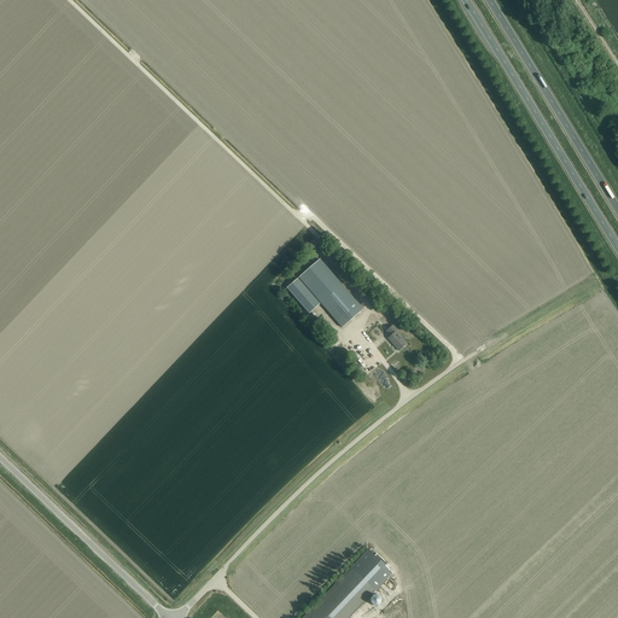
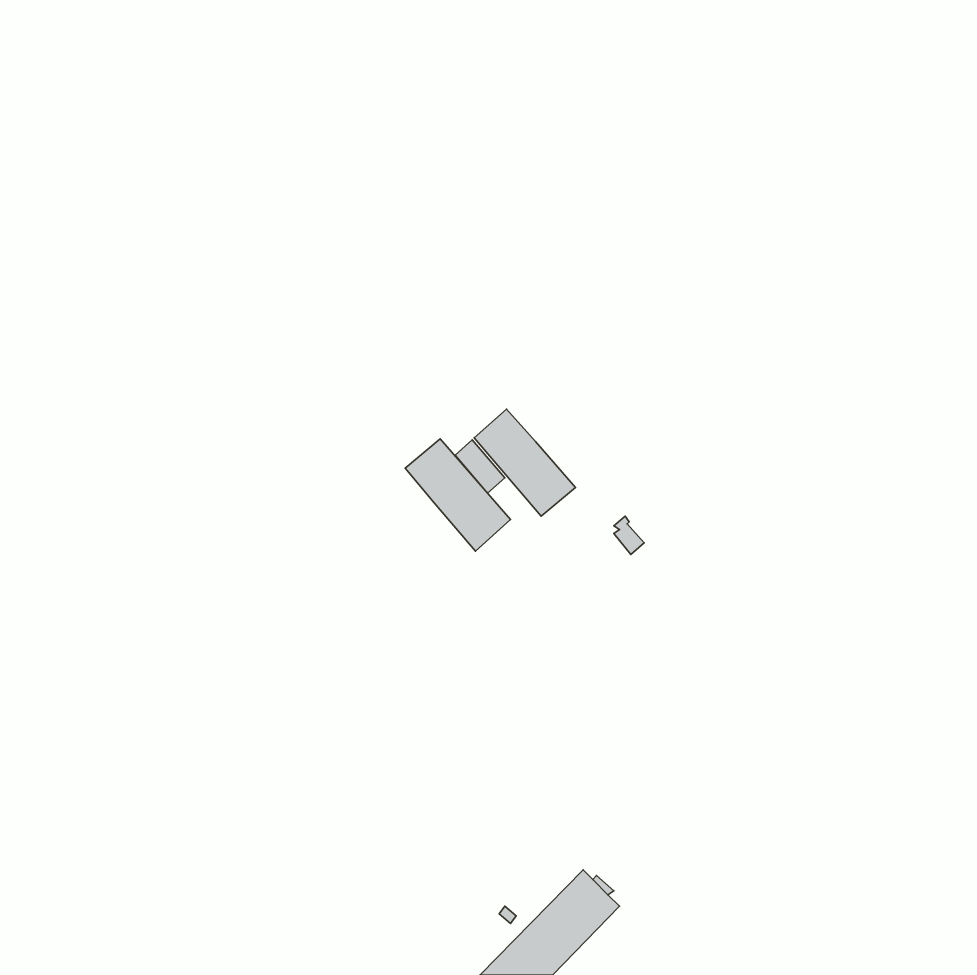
building: none -> [405,439,511,551]

